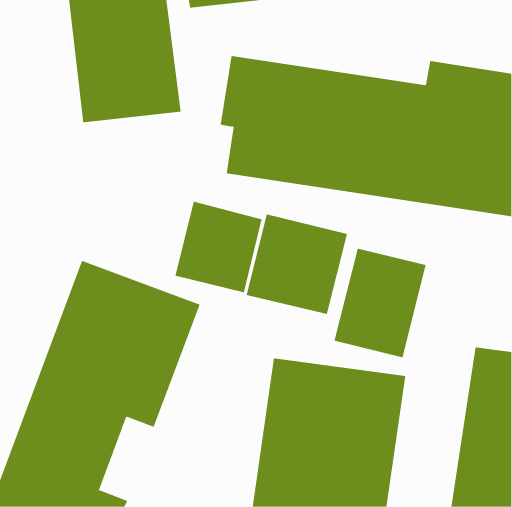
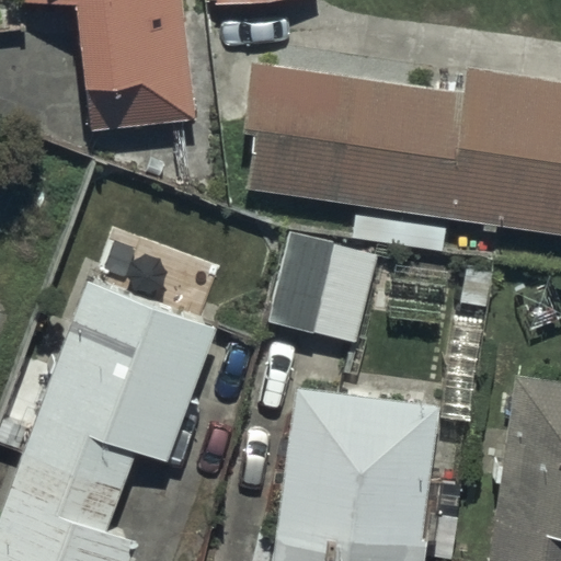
building: [175,201,262,293] -> none
building: [334,248,426,358] -> none

